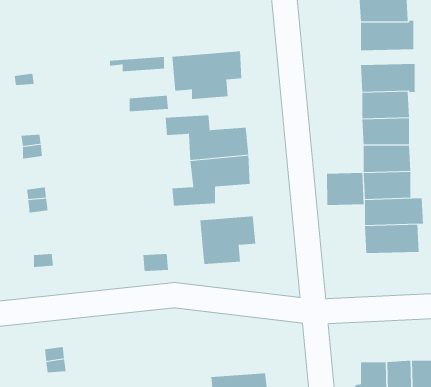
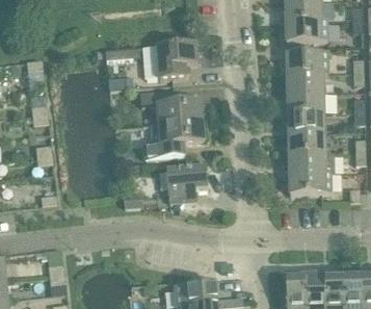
building: [326,172,364,206] -> none

